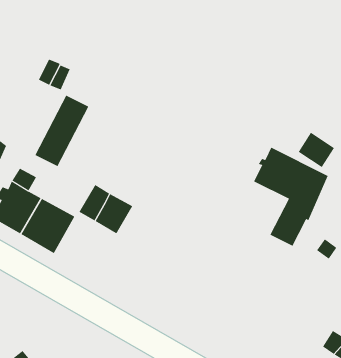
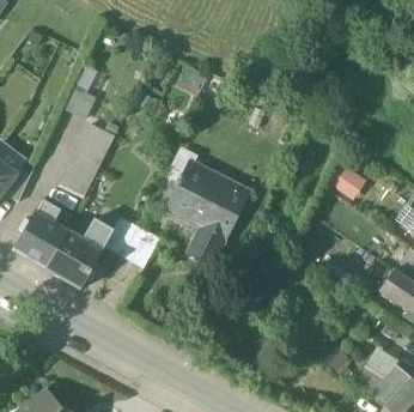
building: [253,147,329,246] -> [170,163,248,266]

